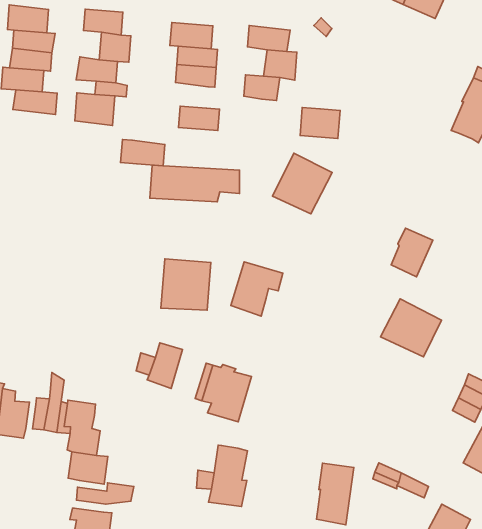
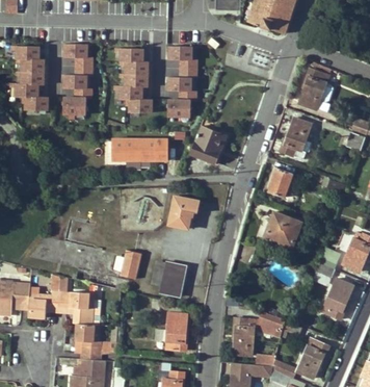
building: [300,108,340,138] -> [166,100,190,118]
building: [121,139,165,166] -> [116,86,143,101]
building: none -> [280,118,311,159]

